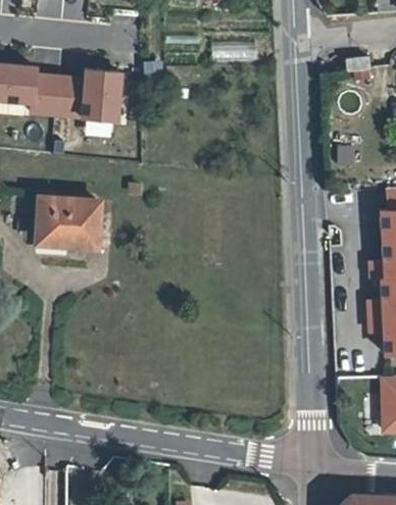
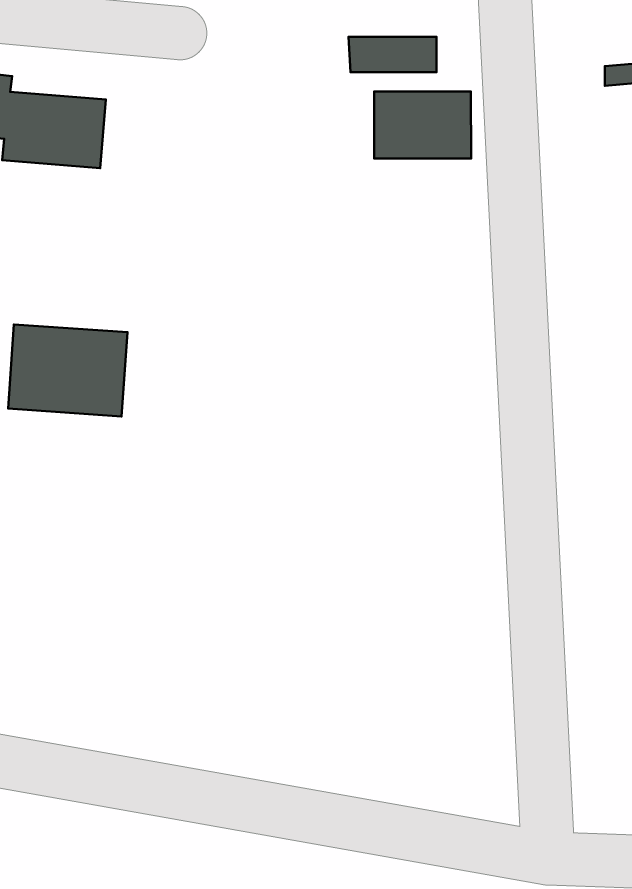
building: [83,67,120,128] -> none
building: none -> [374,92,471,159]

